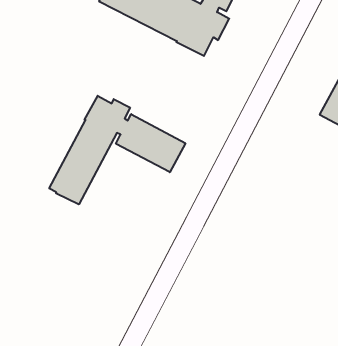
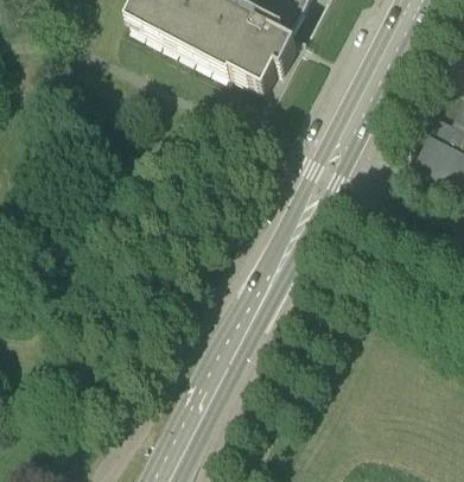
building: [49,96,185,204] -> none

